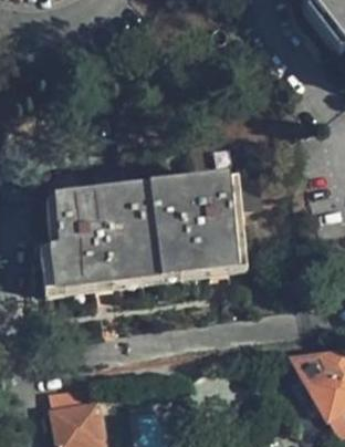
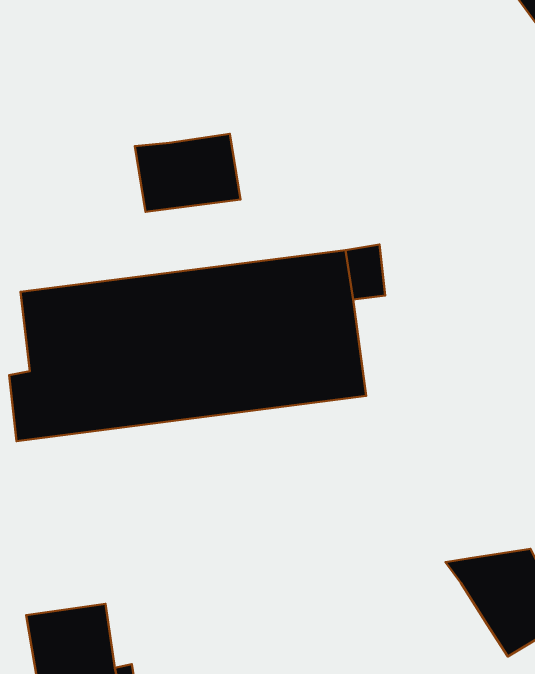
building: none -> [135,134,240,212]

